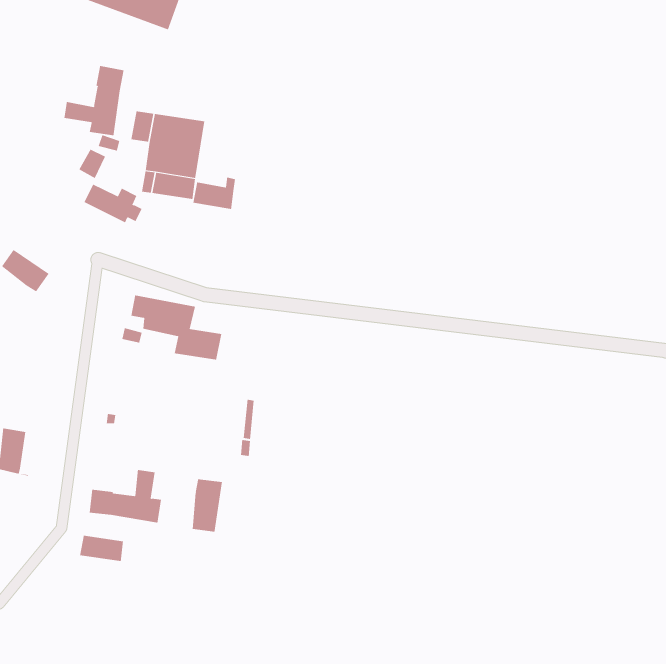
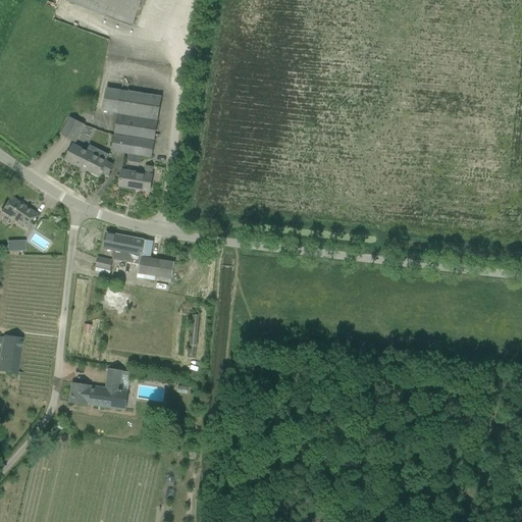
building: [64,65,124,136] -> none
building: [193,177,236,209] -> [118,164,152,190]
building: [192,478,223,533] -> none
building: [80,535,124,562] -> none

